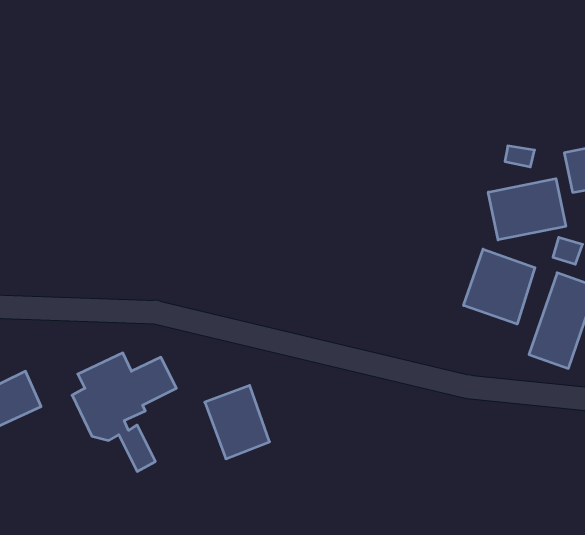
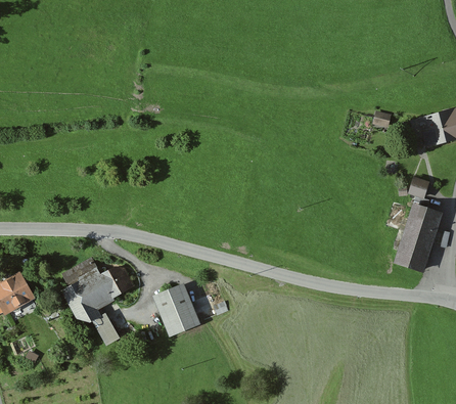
building: [488,179,566,240] -> none
building: [464,249,535,324] -> none

